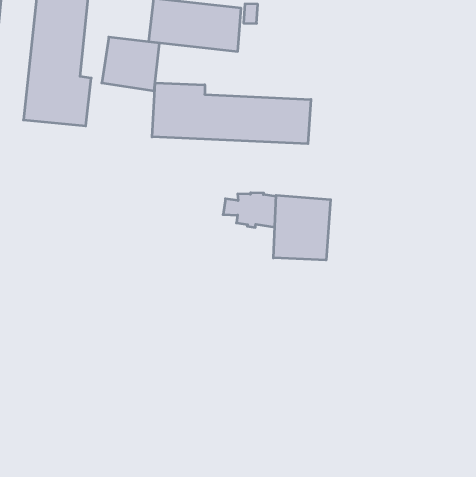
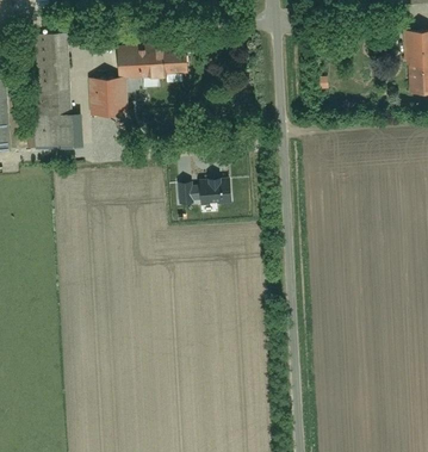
building: [152,83,311,144] -> none
building: [273,195,331,260] -> none

